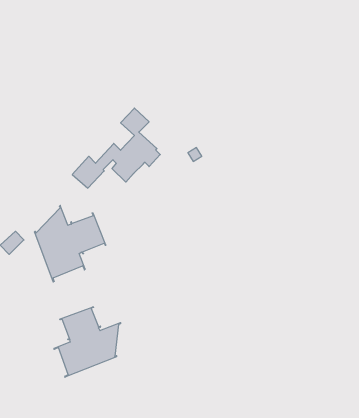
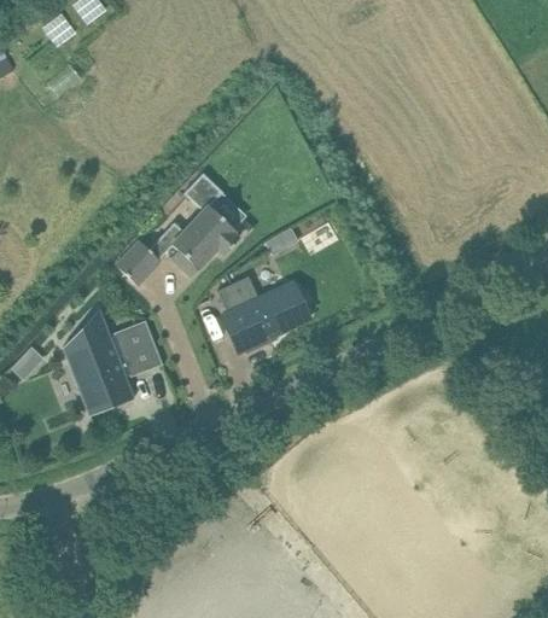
building: none -> [217,274,298,352]
building: [54,307,121,377] -> none

